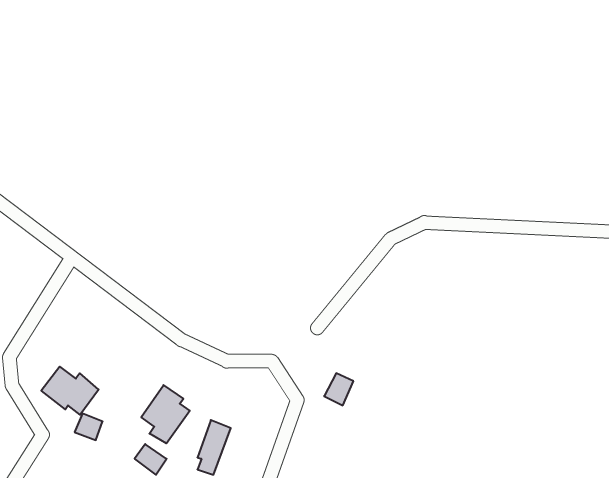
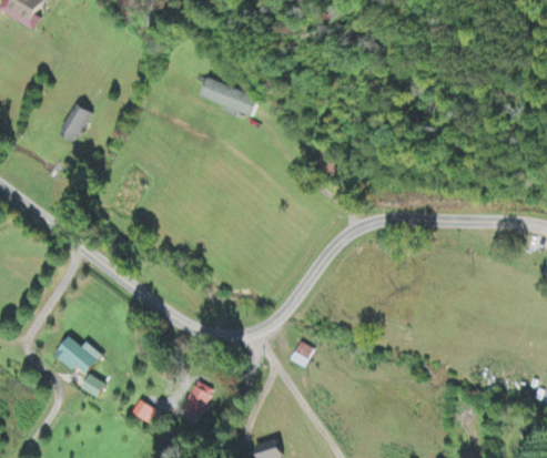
building: none -> [199,77,256,116]
building: none -> [59,102,92,141]
building: [141,385,190,443] -> none

